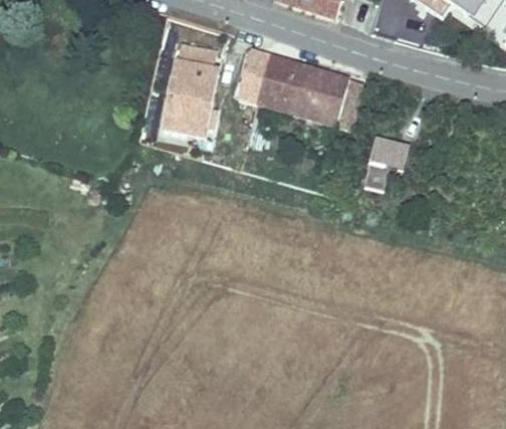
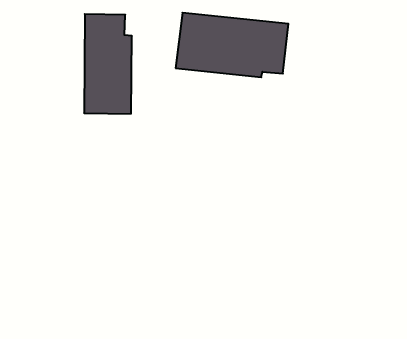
building: [235,47,270,104] -> none
building: [366,138,409,175] -> none

